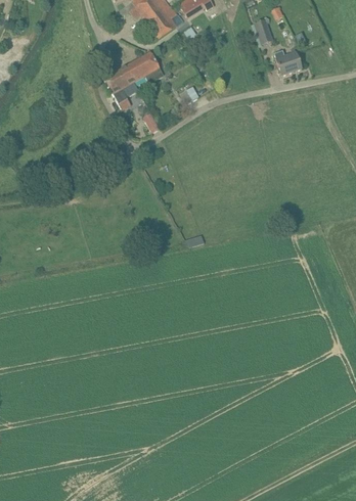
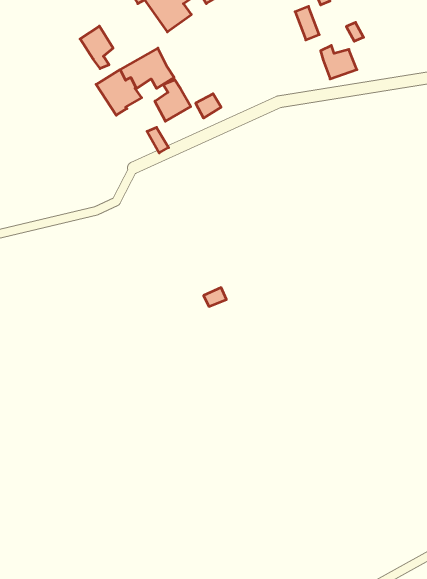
building: none -> [80,26,113,69]
building: none -> [155,80,191,121]

